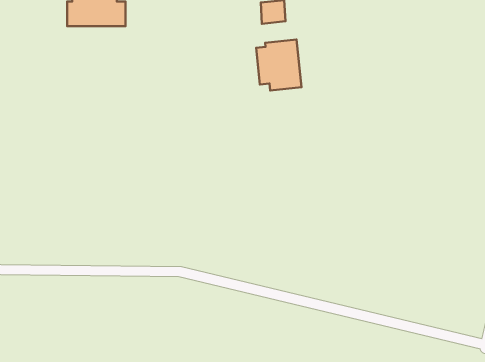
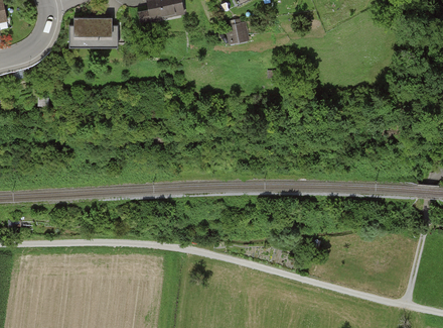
building: [256,40,302,90] -> none

